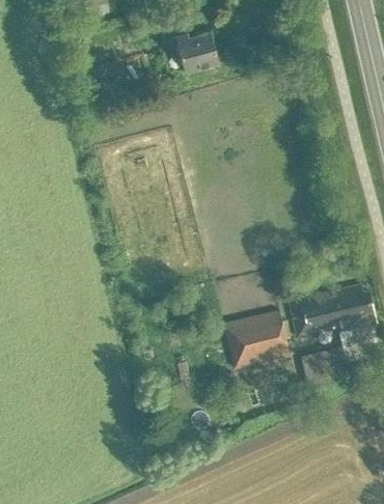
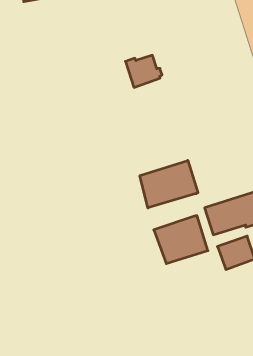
building: [175,33,221,73] -> [125,55,162,87]
building: none -> [140,160,198,208]

